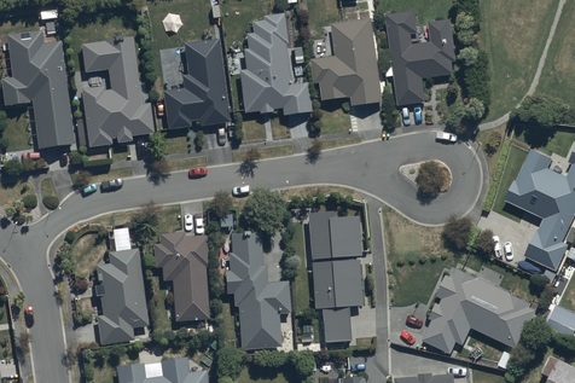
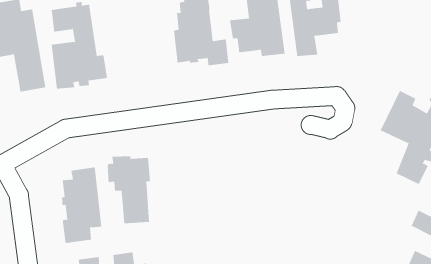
building: [163,40,230,129] -> none
building: [307,214,364,343] -> none
building: [223,230,290,350] -> none
building: [423,267,536,353] -> none

